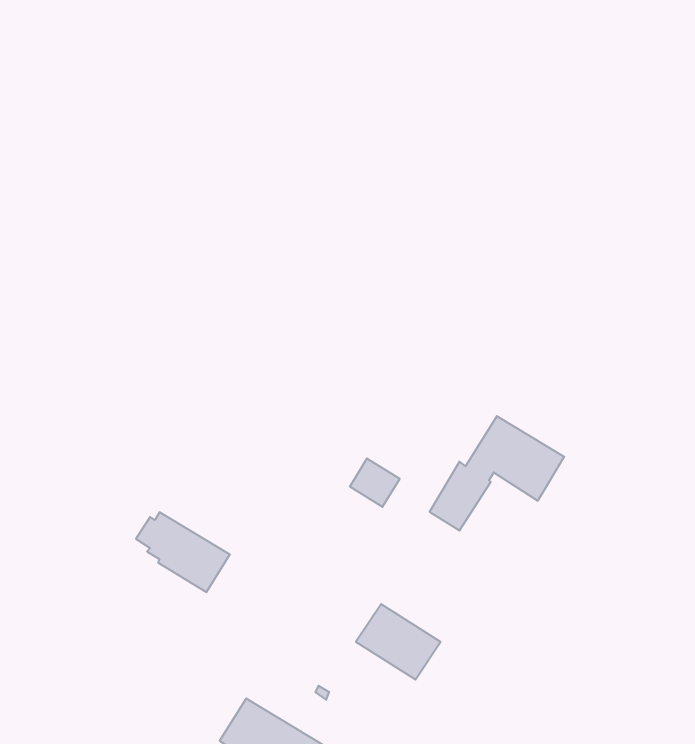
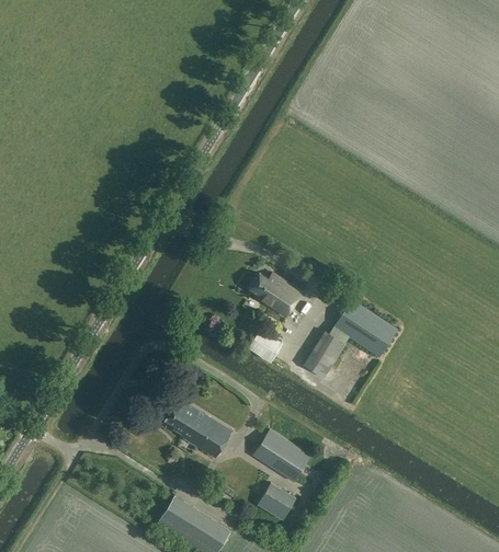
building: none -> [249,272,303,315]
building: [136,512,230,592] -> [166,401,231,457]
building: none -> [258,482,296,519]

